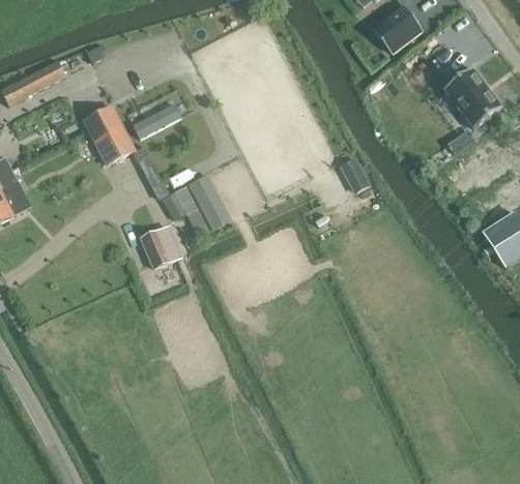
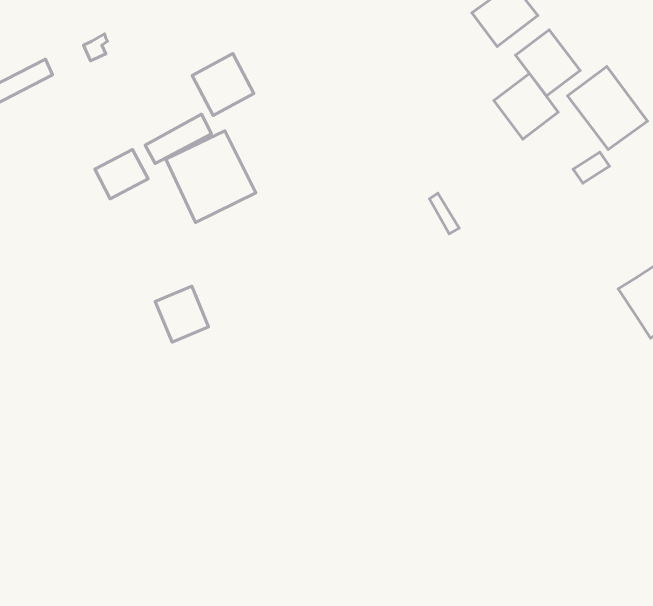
building: none -> [192,54,254,116]
building: none -> [494,74,558,139]
building: [84,105,123,142] -> none
building: [167,173,233,240] -> [166,131,256,222]

